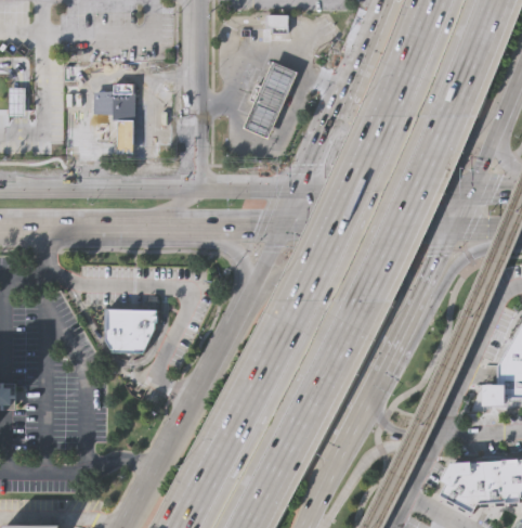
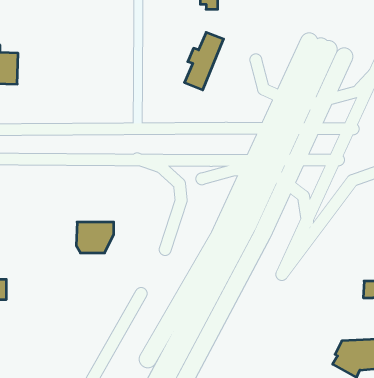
building: [94,81,136,112] -> none
building: [114,120,131,155] -> none

